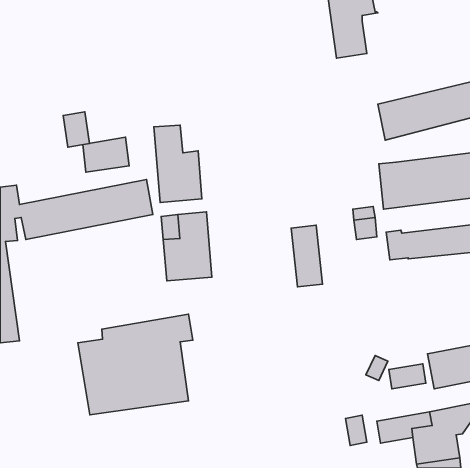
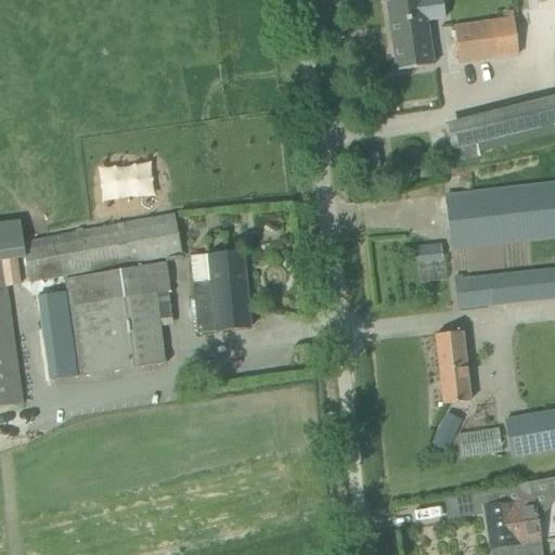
building: none -> [453,10,518,62]
building: [63,112,89,147] -> none
building: [154,125,202,203] -> none
building: [291,225,322,287] -> [436,330,473,402]
building: [78,314,193,415] -> [36,260,171,378]
building: [345,415,367,446] -> none

